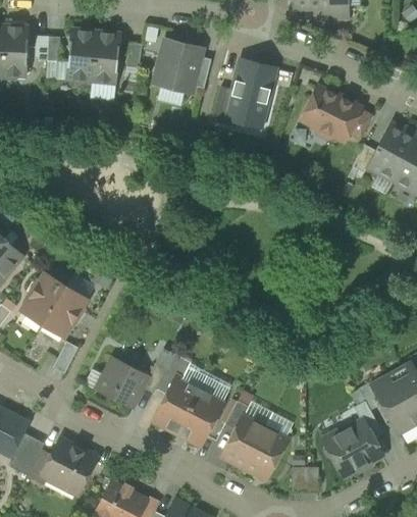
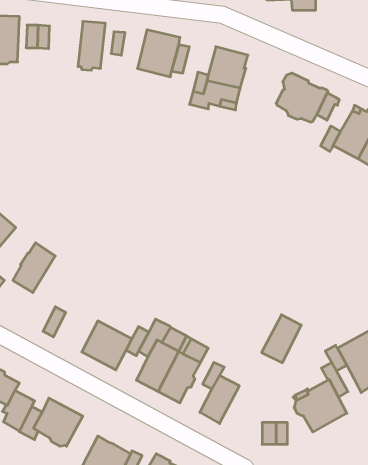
building: [66,30,96,83] -> none
building: [42,286,88,339] -> none
building: [244,426,286,478] -> [262,315,301,363]

